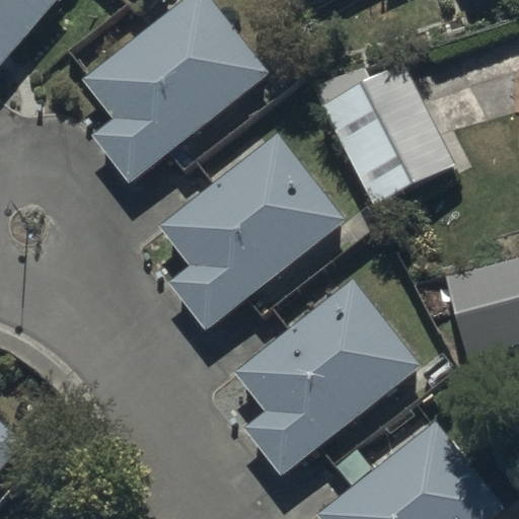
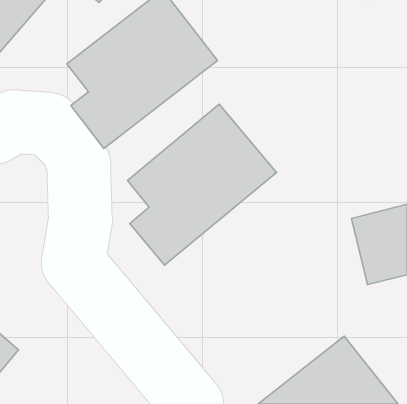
building: [319,60,454,208] -> none
building: [234,283,416,474] -> none

